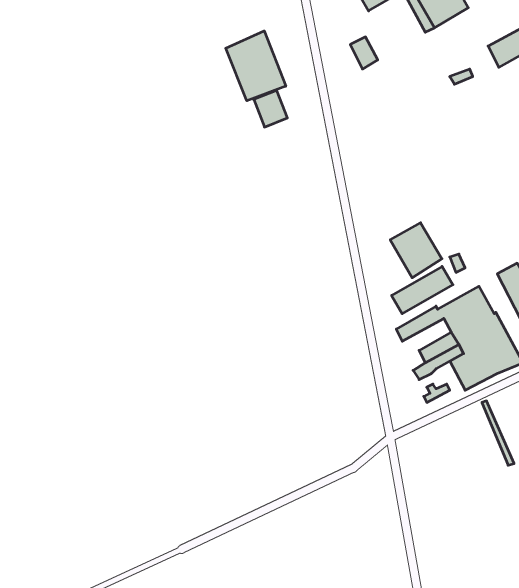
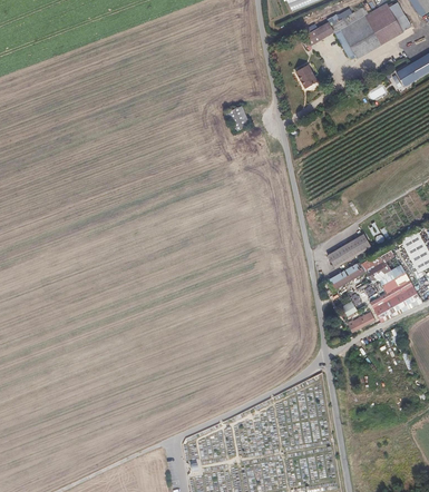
building: [226,31,286,101] -> none
building: [390,223,442,278] -> none

